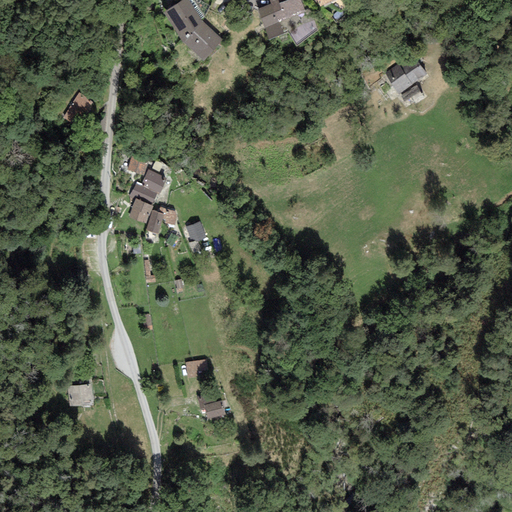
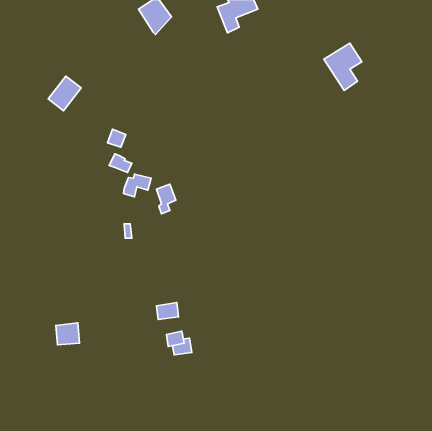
building: [184,20,222,59] -> none
building: [141,169,166,194] -> none
building: [129,198,153,223] -> none

